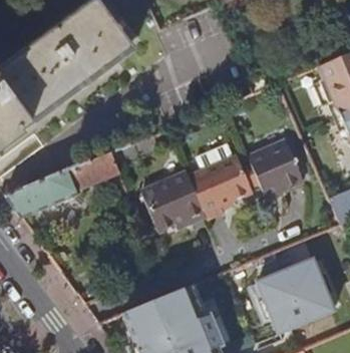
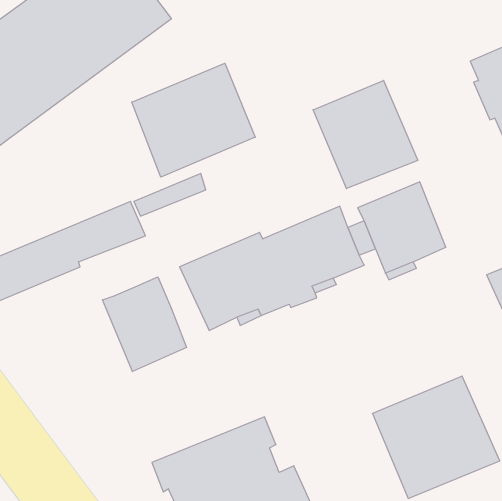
building: none -> [132,63,255,177]
building: none -> [313,80,418,189]
building: none -> [102,277,187,372]

